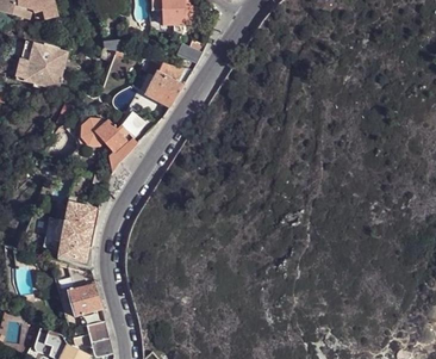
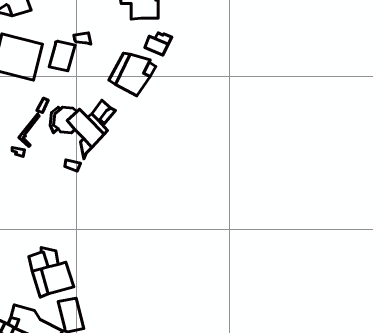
building: none -> [49,41,75,71]
building: [45,203,96,271] -> none

